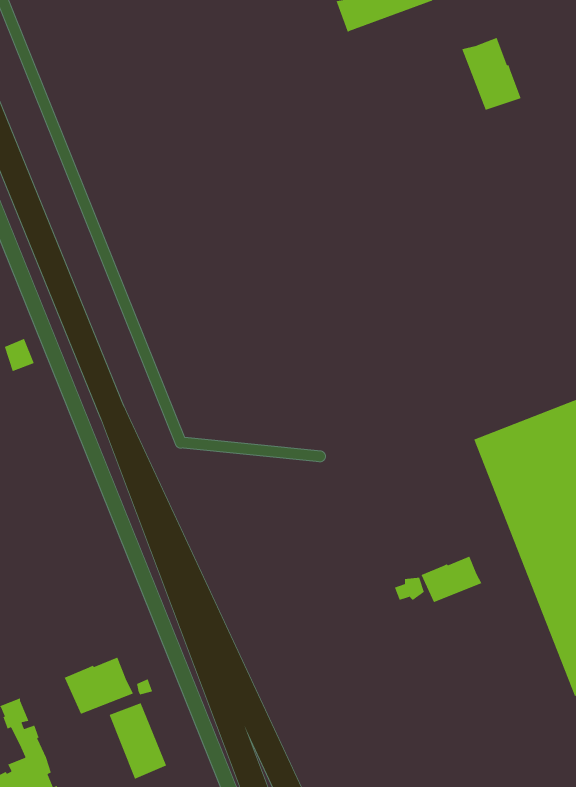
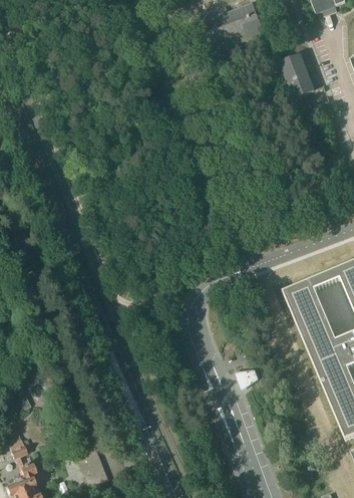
building: [421,555,483,603] -> none
building: [64,657,134,715] -> none

